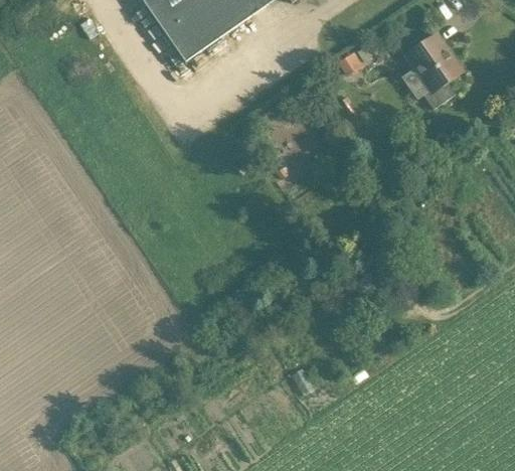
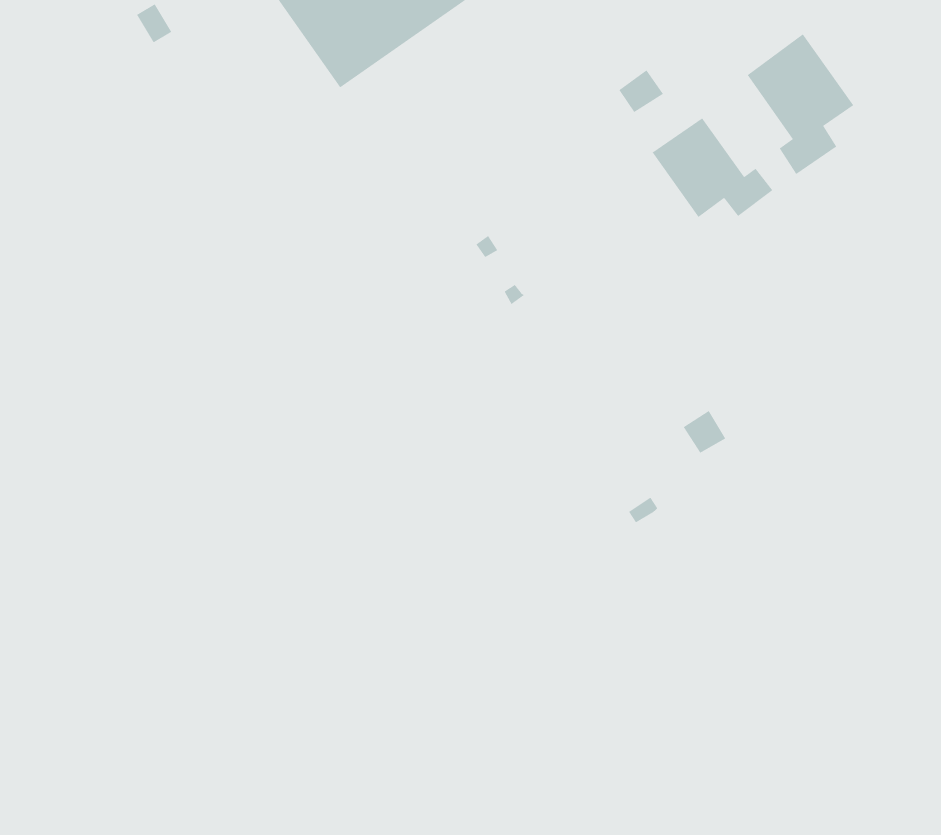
building: none -> [652,117,773,218]

